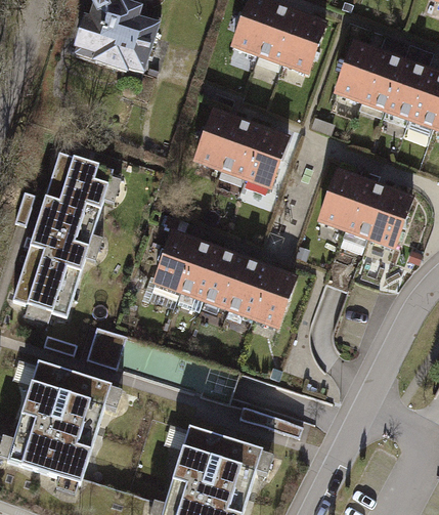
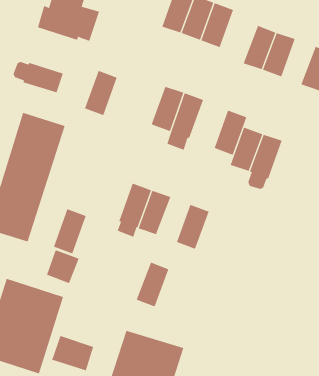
building: [386,59,428,117] -> none
building: none -> [13,61,64,93]
building: [196,110,238,167] -> [84,70,118,116]
building: [369,187,411,245] -> [214,110,247,155]
building: [156,231,197,289] -> [53,209,86,254]
building: [228,258,270,315] -> [136,262,169,307]
building: none -> [51,335,94,371]

